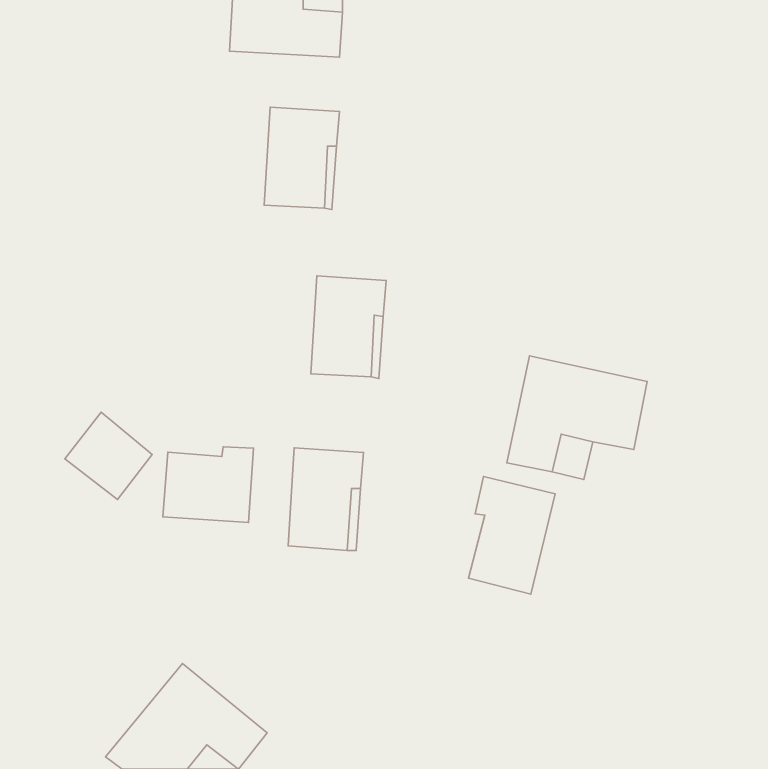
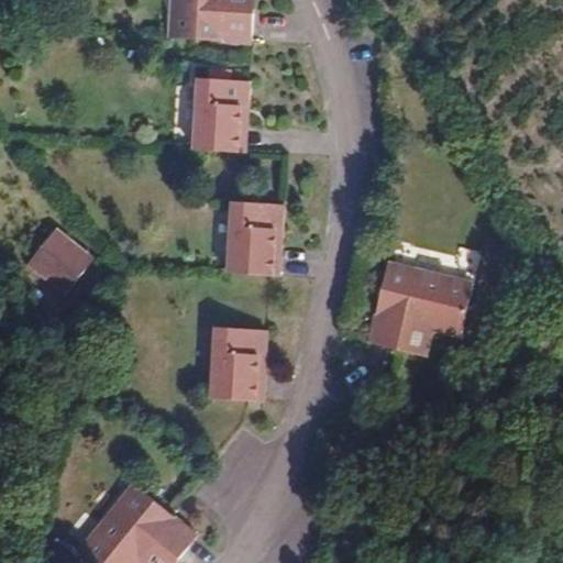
building: [65,412,152,500] -> [26,229,90,292]
building: [163,447,253,523] -> none
building: [468,477,555,594] -> none

